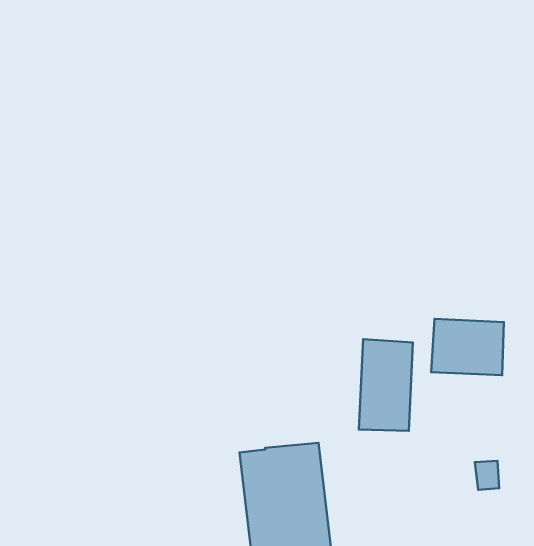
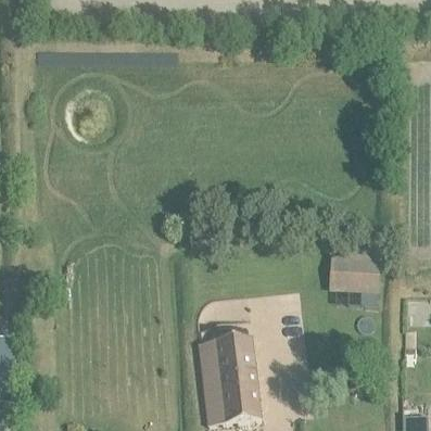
building: [359,339,413,431] -> none

